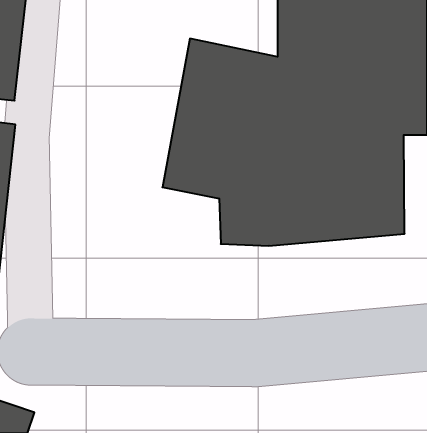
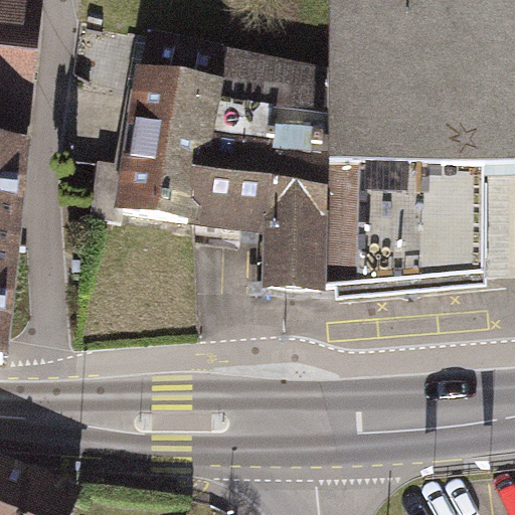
building: none -> [111,30,222,219]

